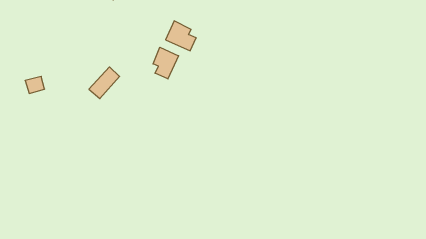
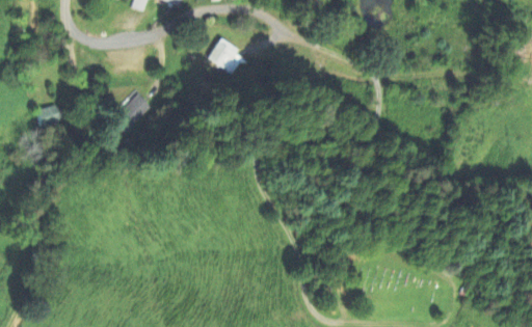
building: [153,47,179,79] -> none

